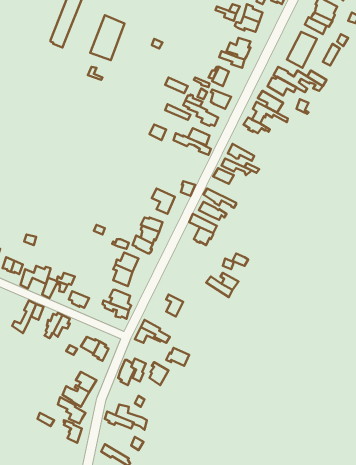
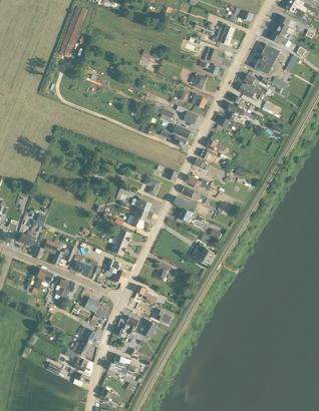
building: [90,15,124,60] -> none

